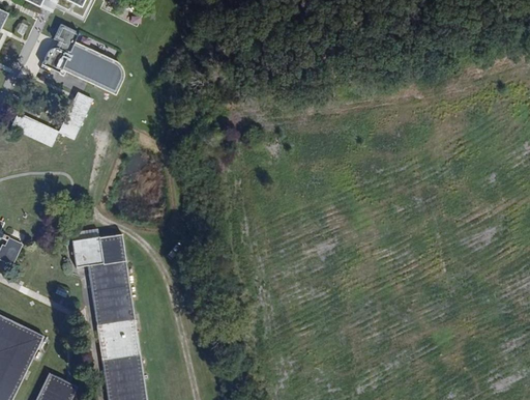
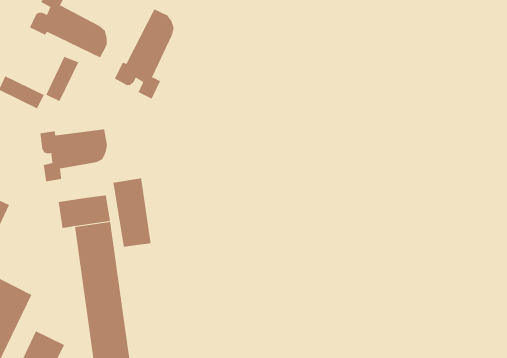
building: none -> [114,9,174,99]
building: none -> [40,129,107,182]
building: none -> [113,178,151,248]

